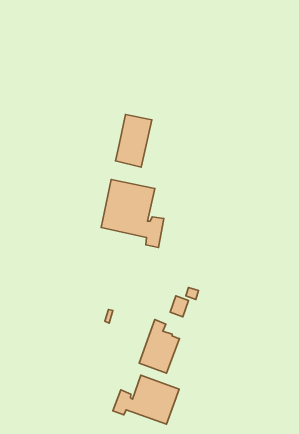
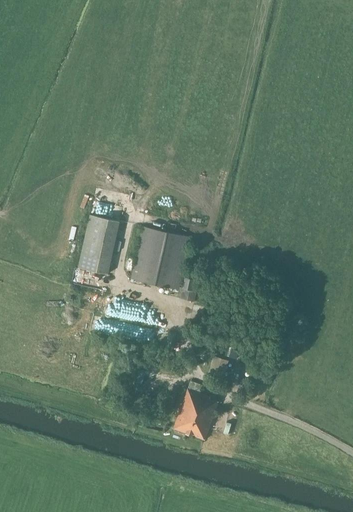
building: [116,115,152,167] -> [80,216,120,274]
building: [113,375,179,424] -> none

